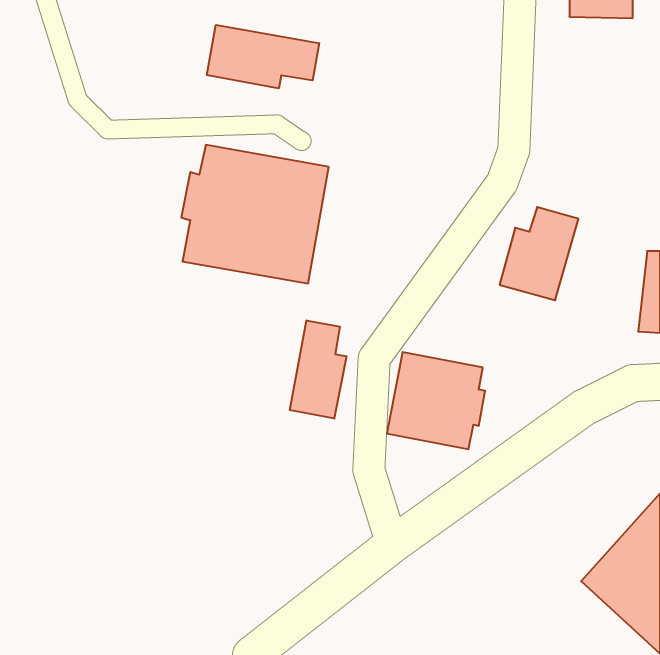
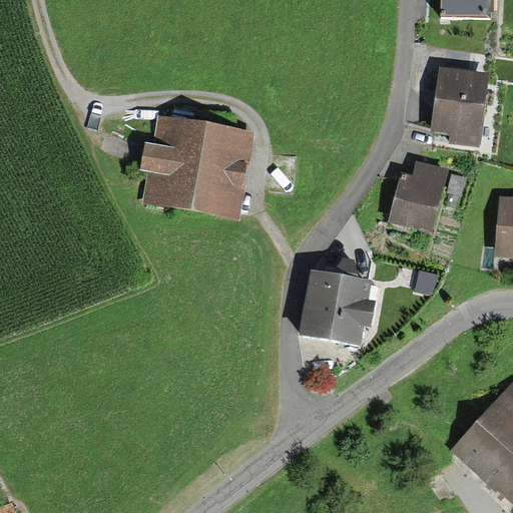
building: [207,25,319,88] -> none
building: none -> [430,66,490,145]
building: [290,320,347,419] -> none

